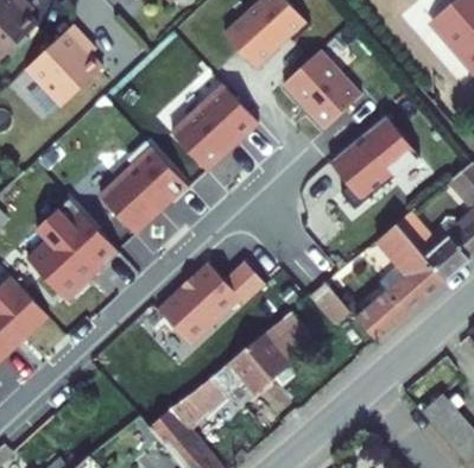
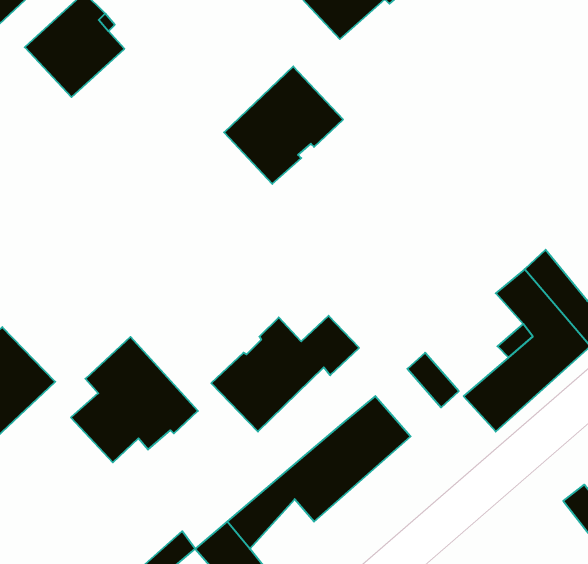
building: [287,43,367,124] -> none
building: [330,113,421,208] -> none
building: [100,139,191,232] -> none
building: [25,196,119,289] -> [71,337,198,462]

